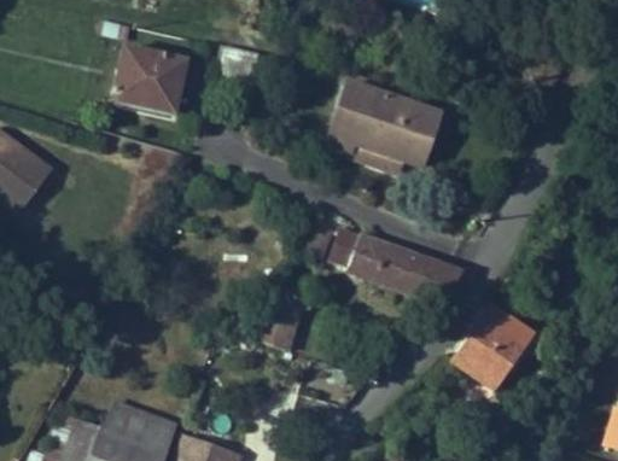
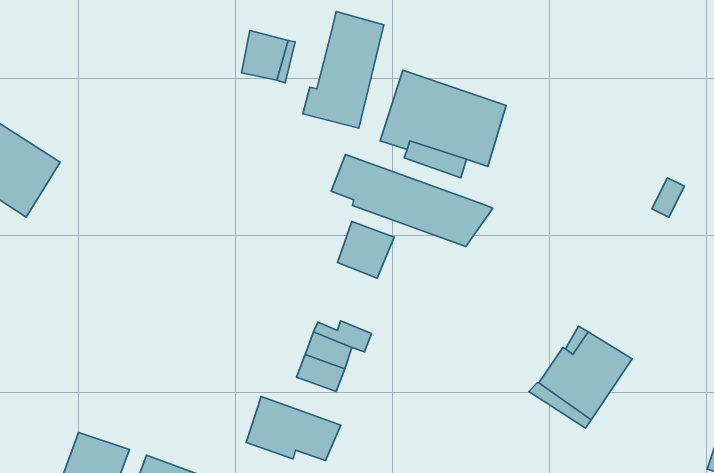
building: none -> [303,12,384,128]
building: [107,42,180,110] -> none
building: [333,220,471,298] -> [331,155,493,247]
building: none -> [246,397,341,461]

